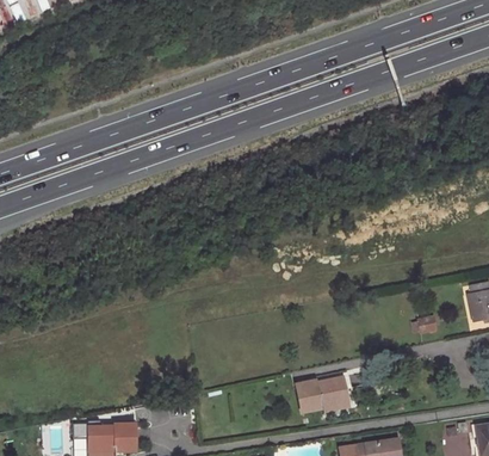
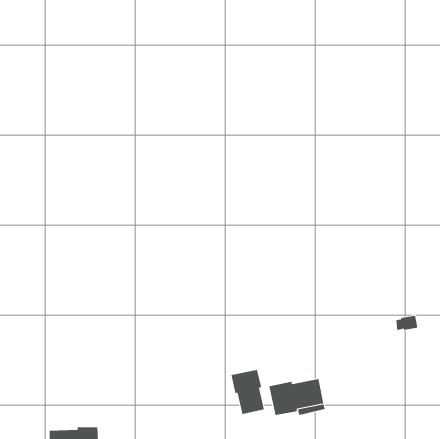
building: none -> [231,369,265,415]

